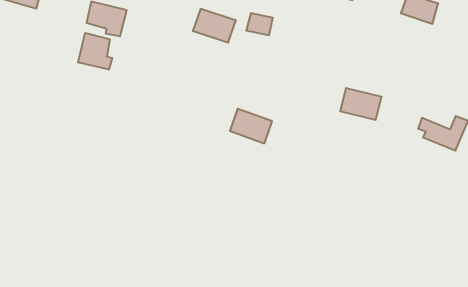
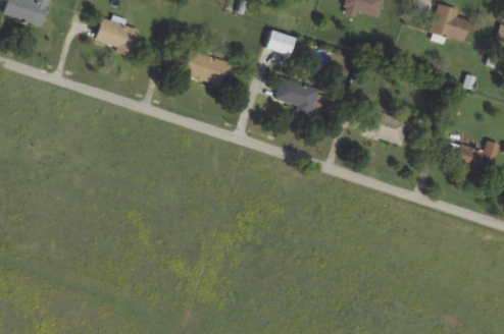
building: [193,9,236,43] -> [182,50,228,86]
building: [78,33,112,70] -> none
building: [230,109,272,143] -> [274,76,319,113]

